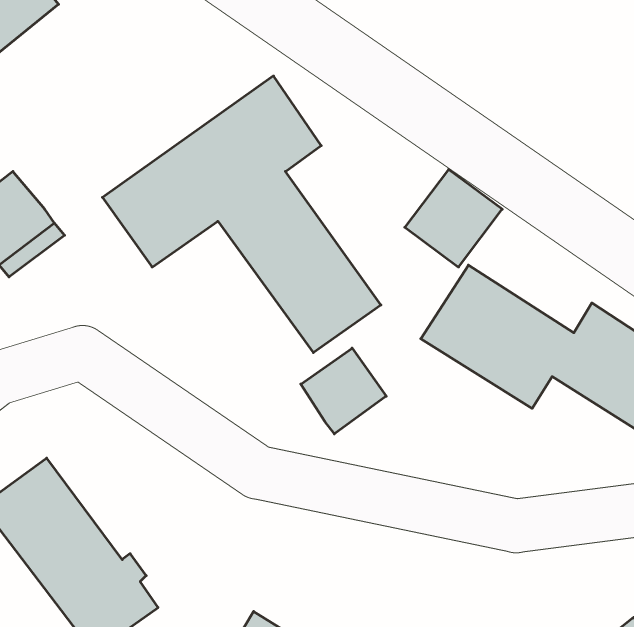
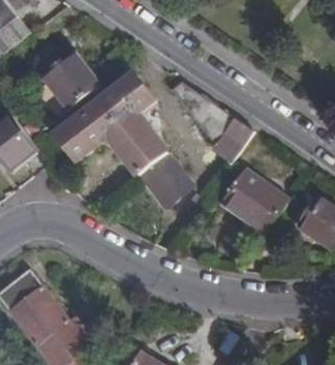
building: none -> [42,49,108,114]
building: [301,348,386,434] -> none

